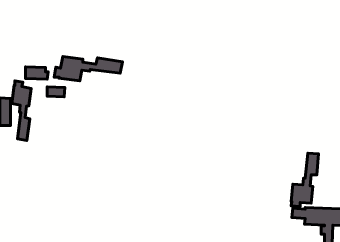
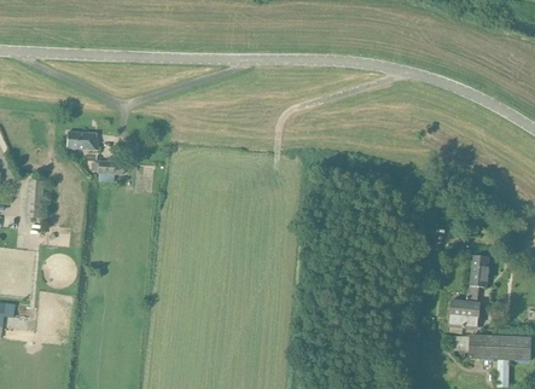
building: [54,57,122,81] -> none
building: [12,81,31,141] -> none

